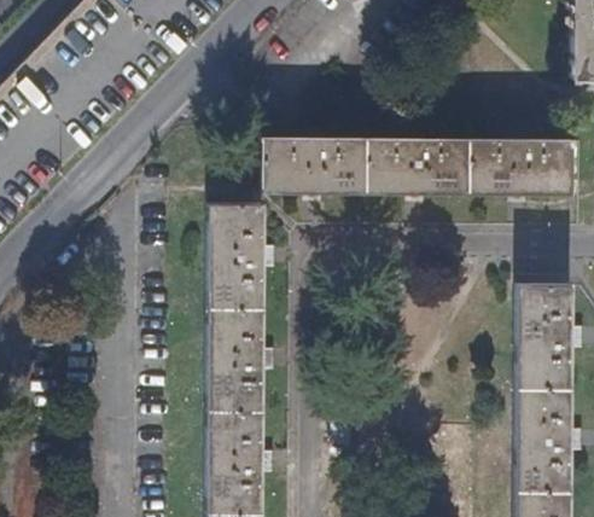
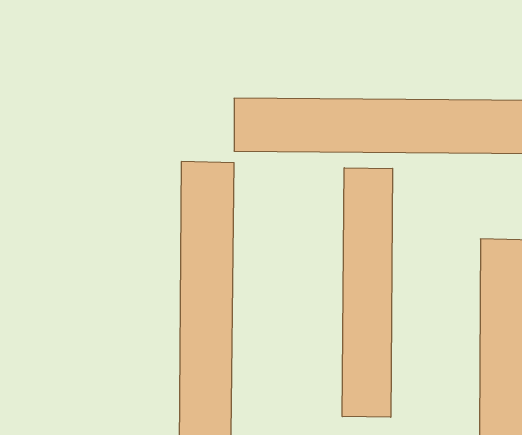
building: none -> [342,168,393,417]

